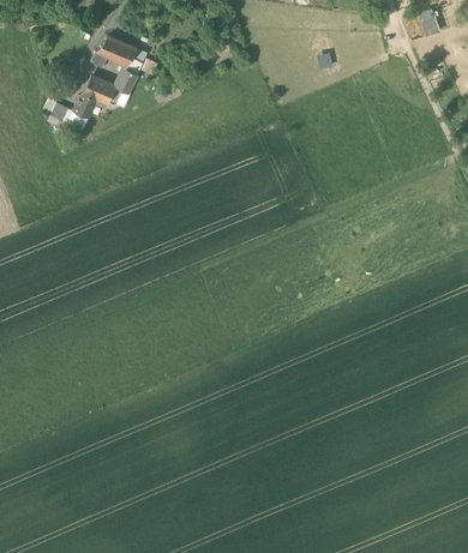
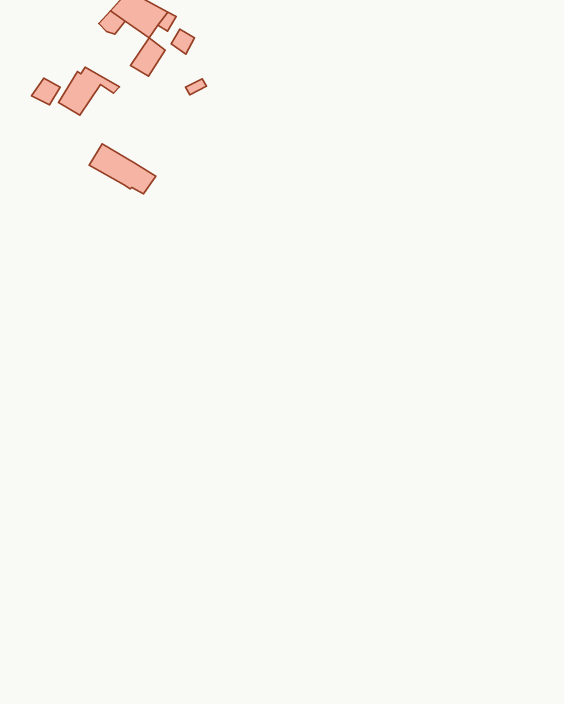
building: [83,76,130,107] -> [89,144,156,194]

